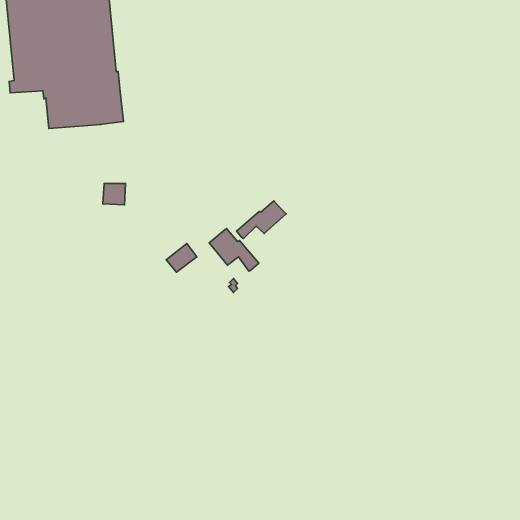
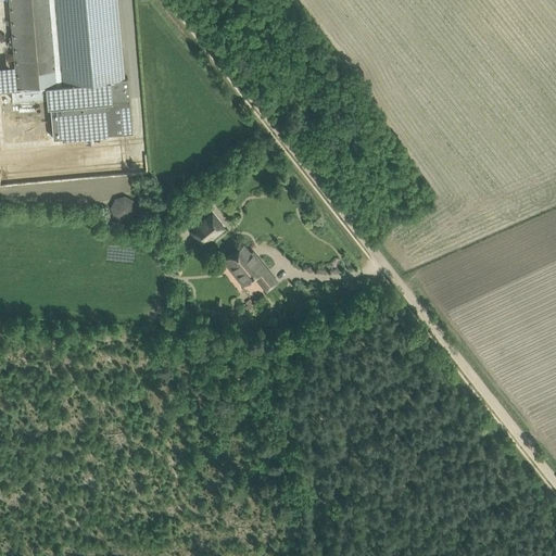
building: [236,201,286,239] -> none
building: [166,244,197,272] -> [190,213,223,243]

